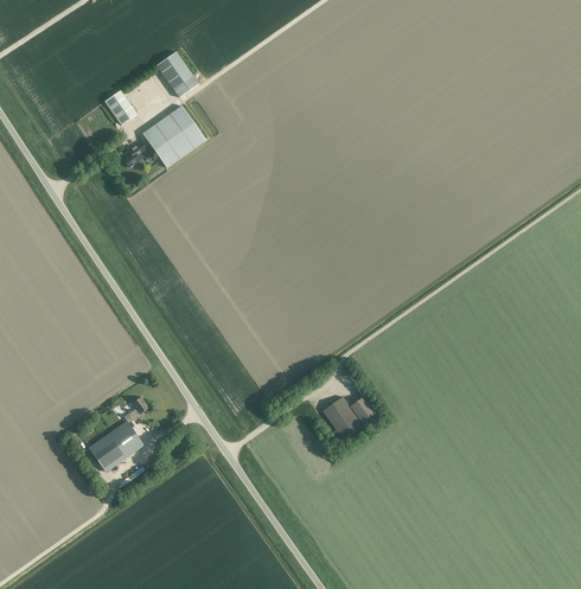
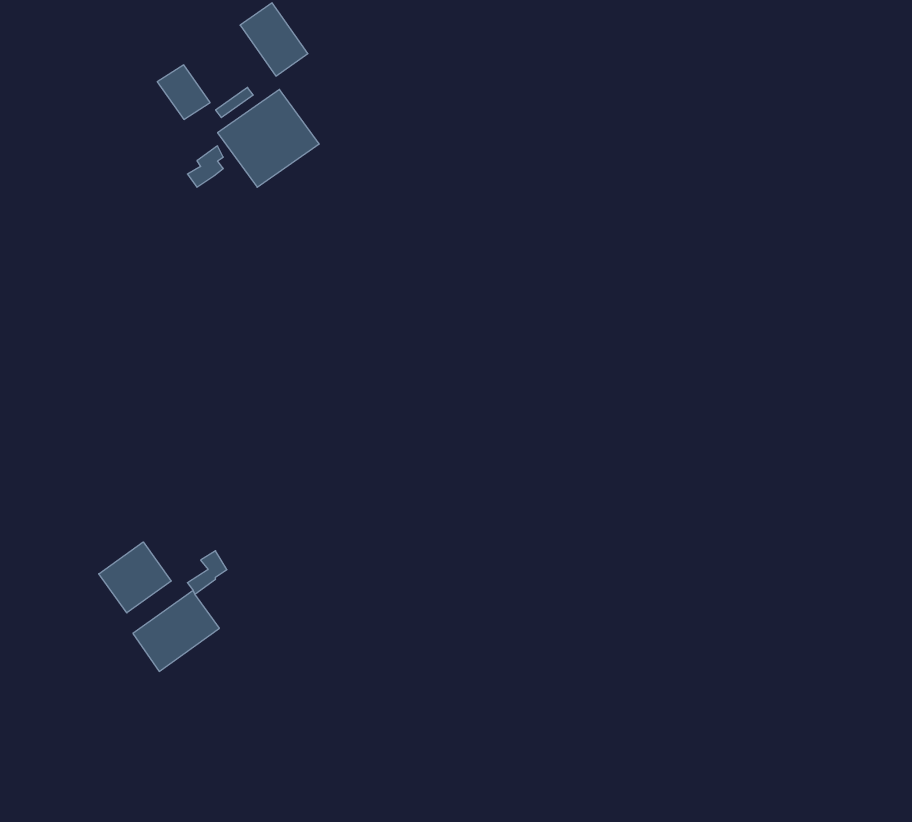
building: none -> [99,542,171,613]
building: [323,395,378,440] -> none

